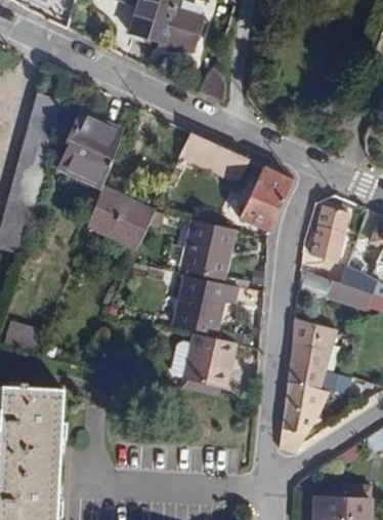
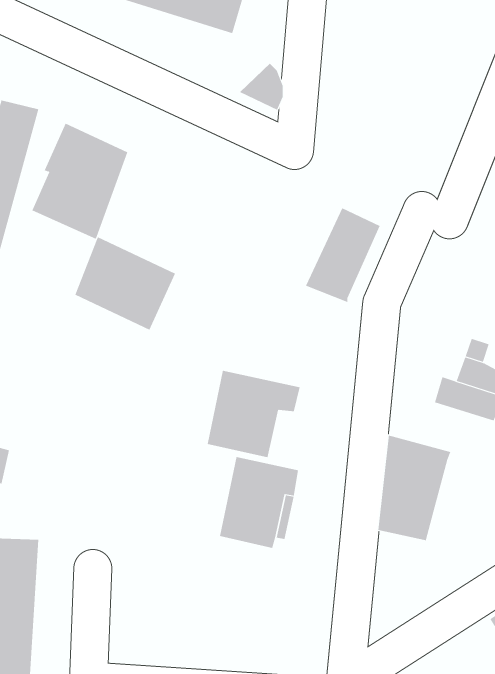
building: [181,131,249,183] -> none
building: [315,211,349,255] -> none
building: [183,219,236,278] -> none
building: [281,369,351,452] -> none

